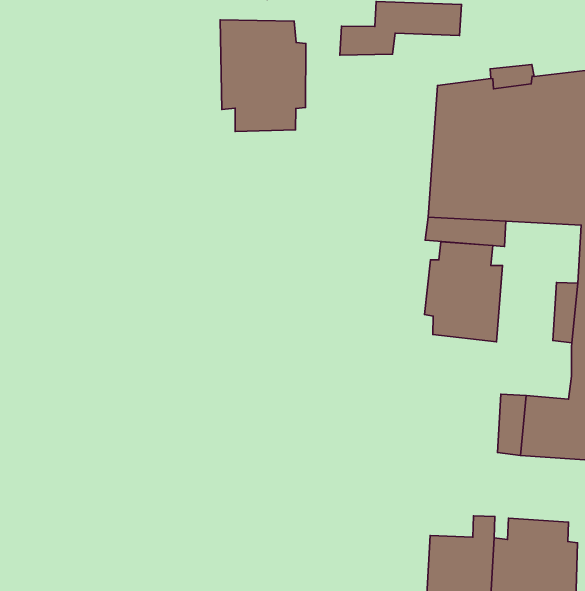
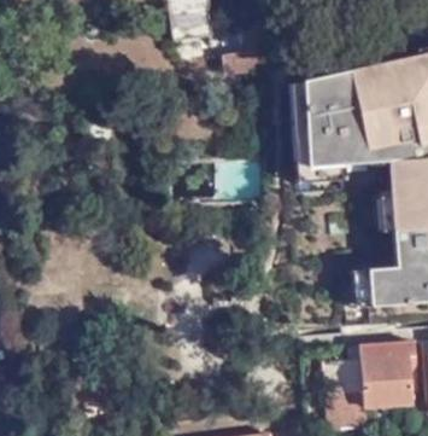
building: [220,20,306,132] -> none
building: [425,242,503,342] -> none

